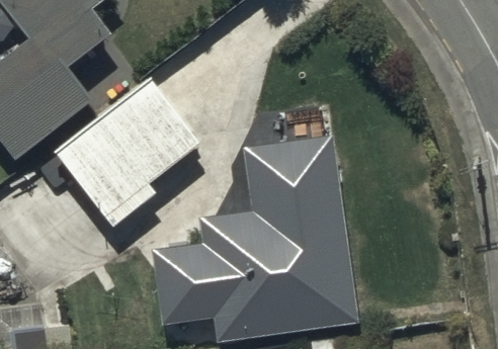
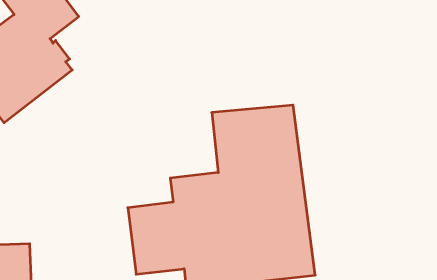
building: [51,72,201,227] -> none

